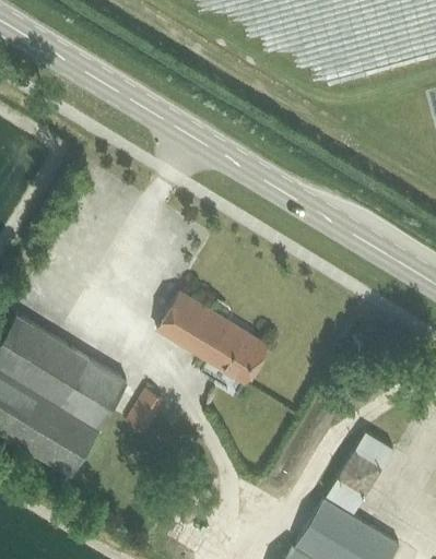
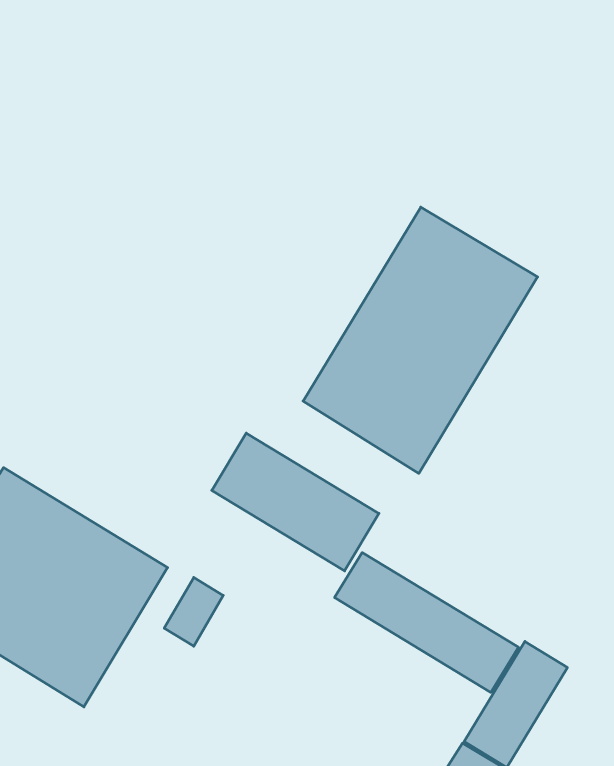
building: none -> [303,207,538,473]
building: none -> [335,553,518,692]

